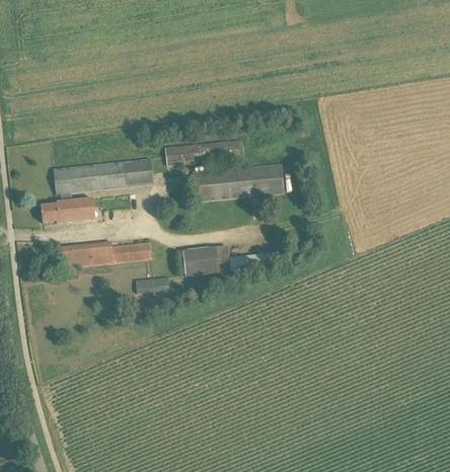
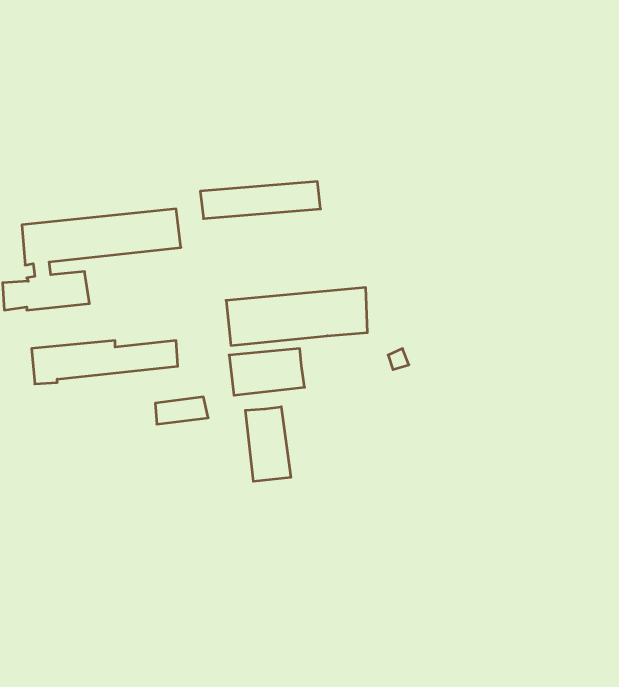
building: [195,164,284,201] -> [226,288,367,345]
building: none -> [245,407,291,481]

